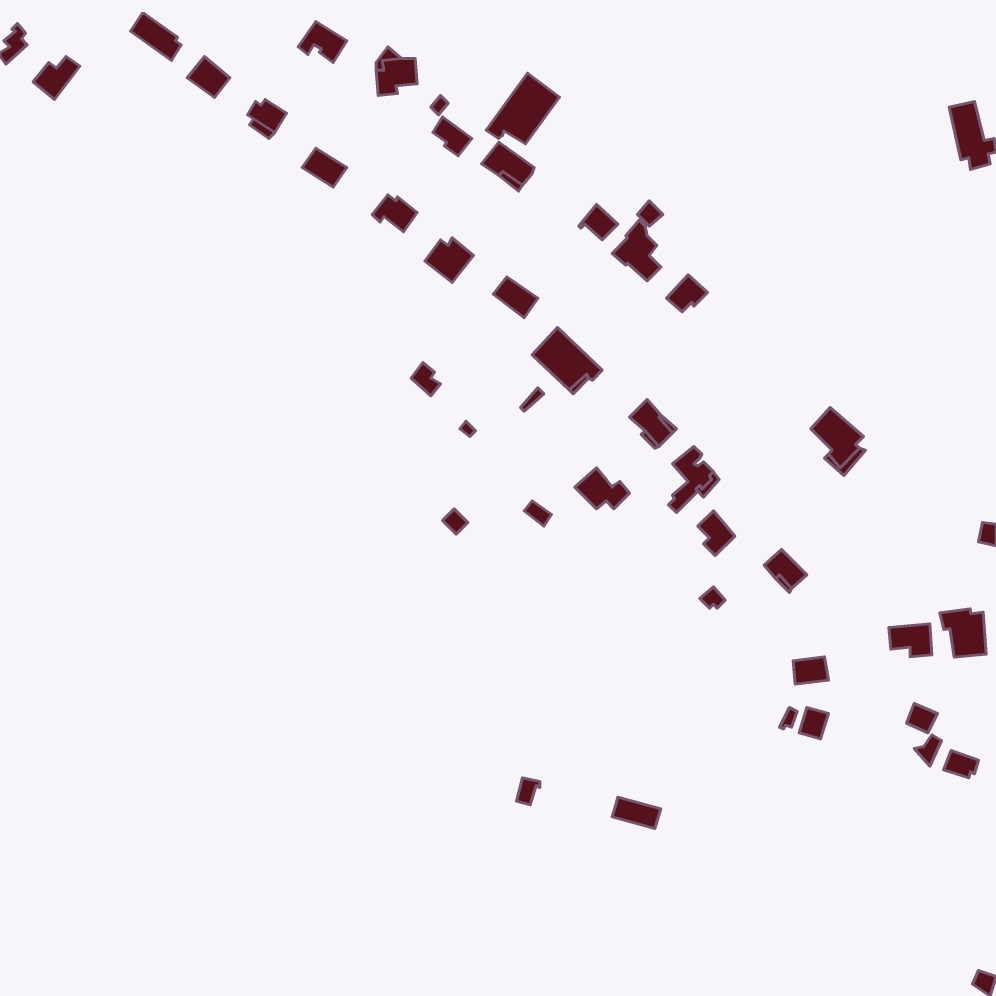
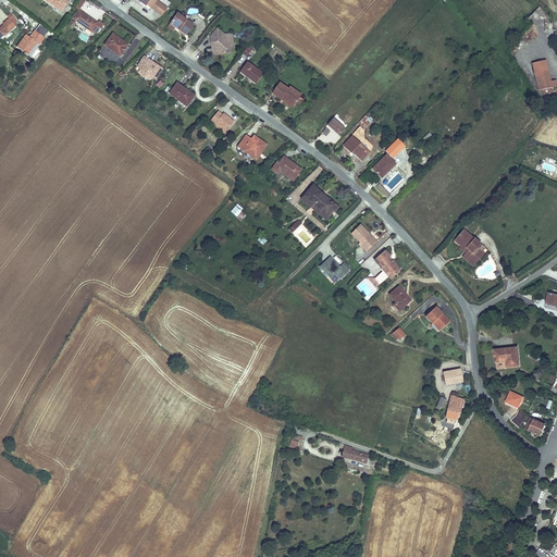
building: [486,73,559,144] -> none
building: [940,609,986,657] -> none

